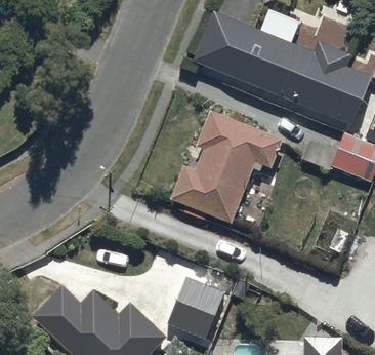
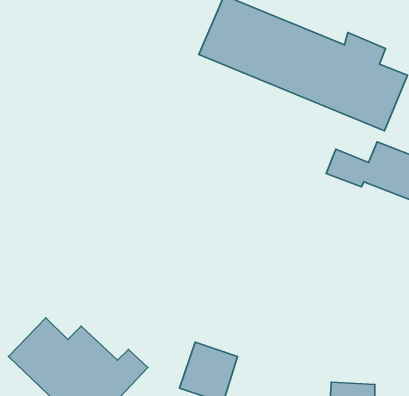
building: [169,109,285,225] -> none

